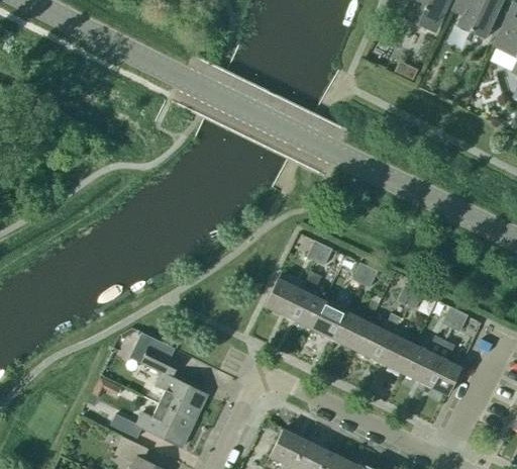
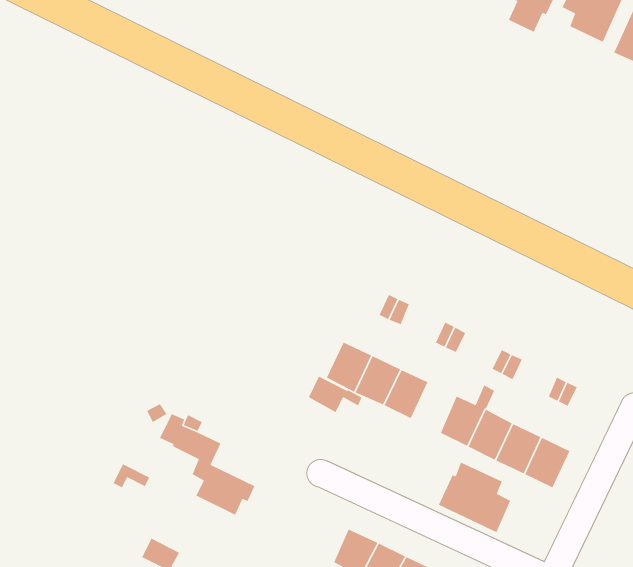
building: none -> [308,375,363,413]
building: [332,310,369,352] -> none
building: none -> [438,462,511,533]
building: [110,402,191,447] -> none

